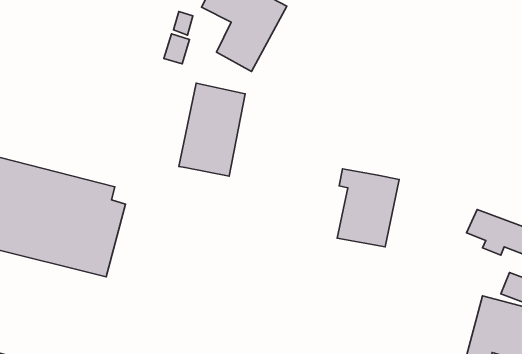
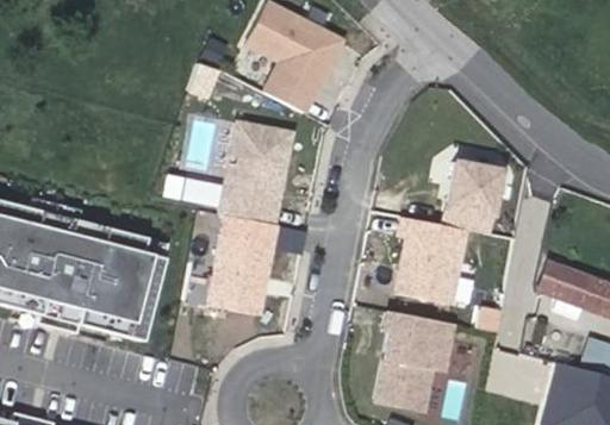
building: none -> [441,160,499,233]
building: none -> [208,215,276,317]
building: none -> [379,313,455,410]

